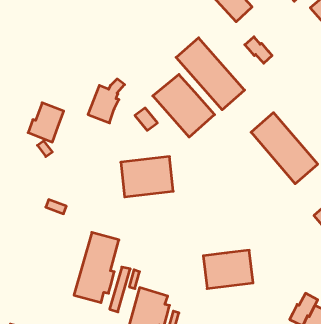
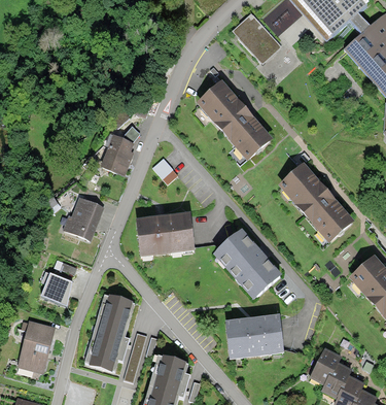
building: [245,37,272,63] -> none
building: [153,74,215,137] -> [213,229,281,298]
building: [28,103,64,142] -> [64,197,103,240]
building: none -> [38,271,72,305]
building: none -> [16,319,54,372]
building: none -> [309,347,342,384]

